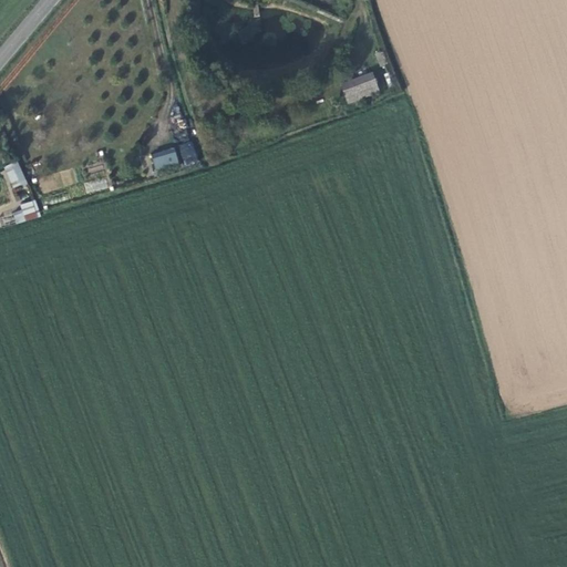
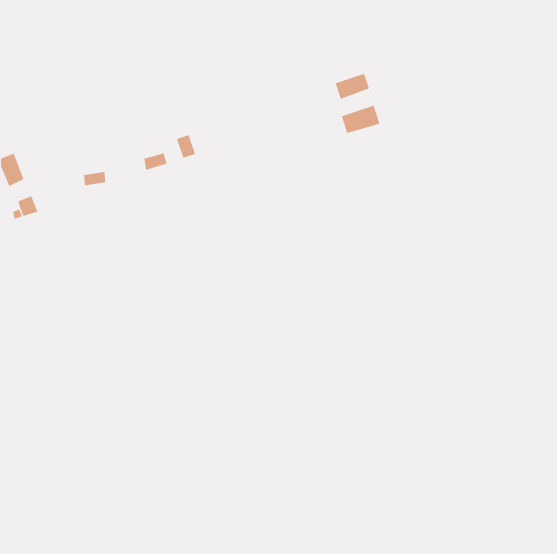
building: none -> [341,105,380,134]

